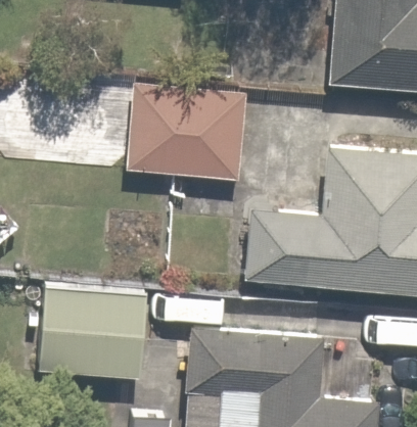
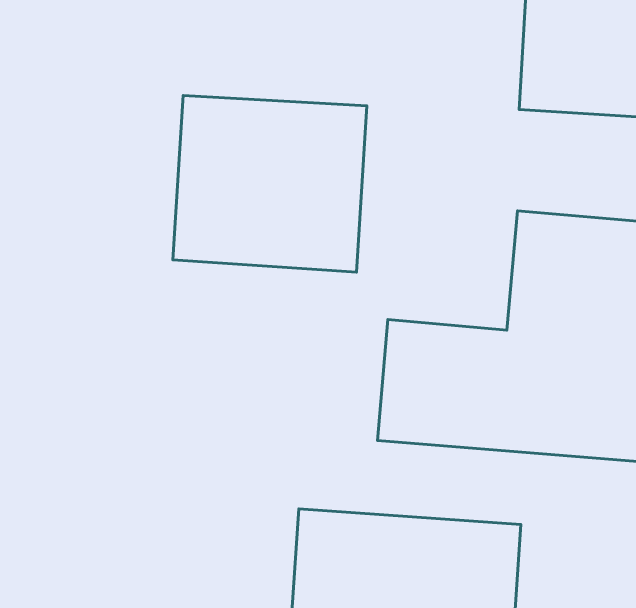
building: [33,283,144,372] -> none

